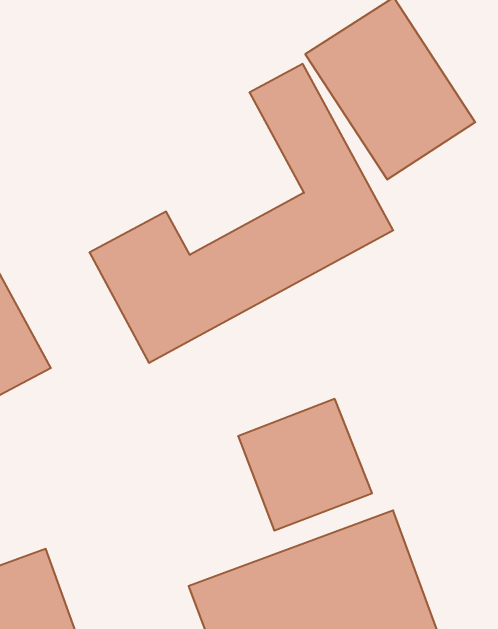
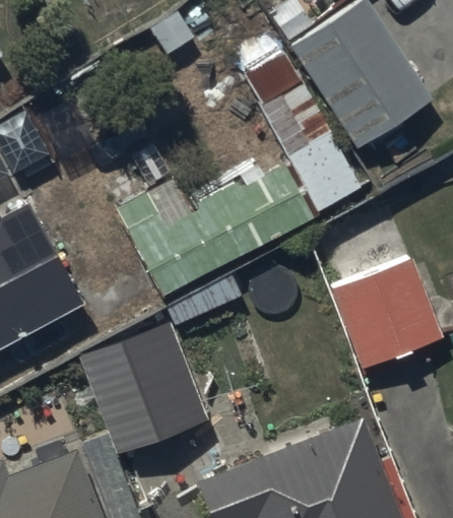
building: none -> [80,322,207,454]
building: [238,399,372,530] -> [333,259,443,367]

